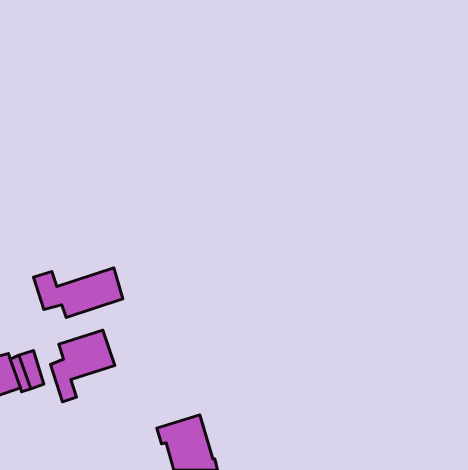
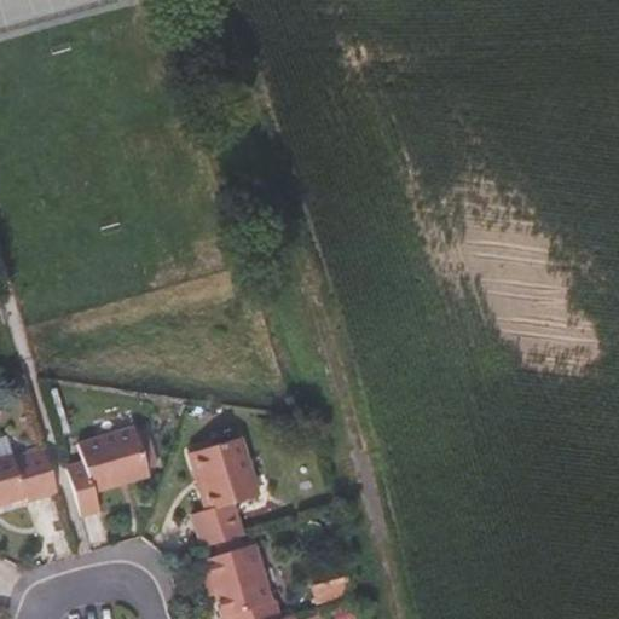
building: [33,268,123,317] -> none
building: none -> [189,436,260,543]

